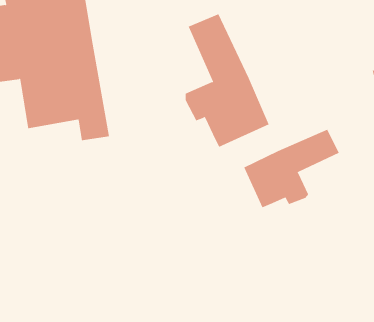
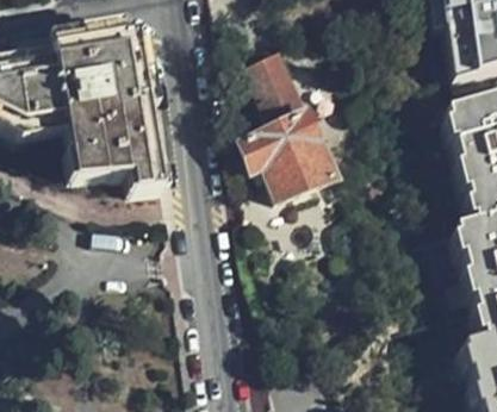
building: [244,129,339,208] -> none

